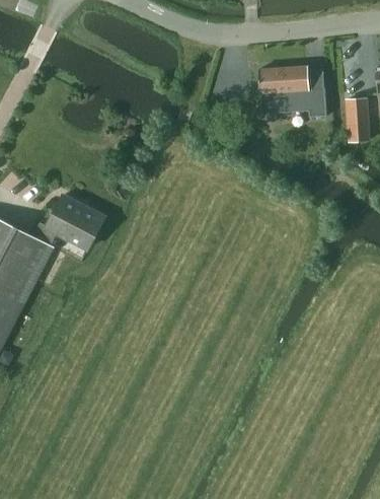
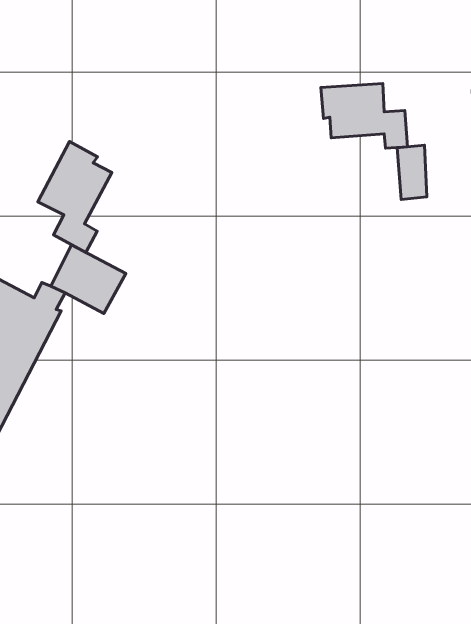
building: [345,99,368,142] -> [397,145,427,199]
building: none -> [38,141,112,252]

